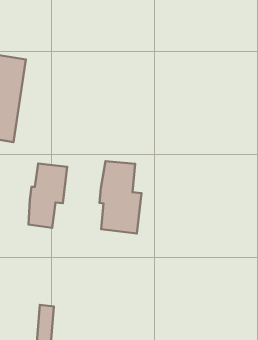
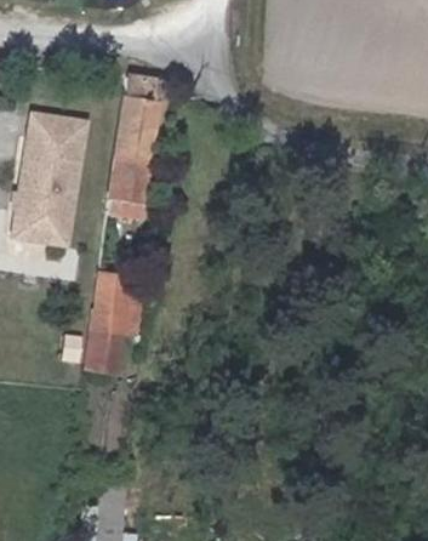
building: none -> [108,78,159,218]
building: [99,161,141,233] -> none

